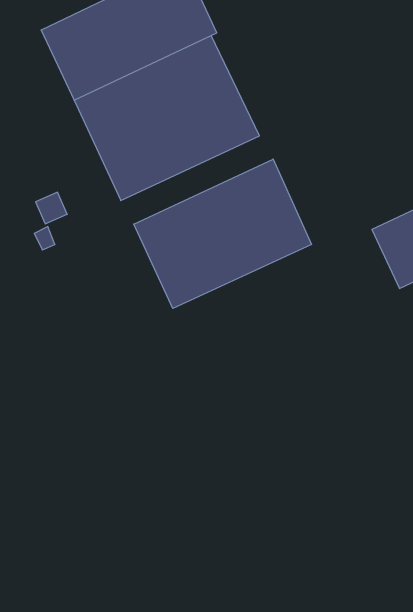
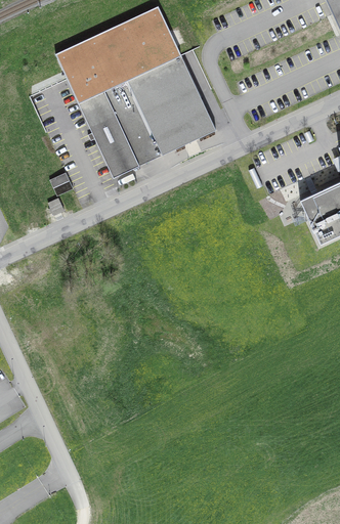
building: [134,159,311,308] -> none

